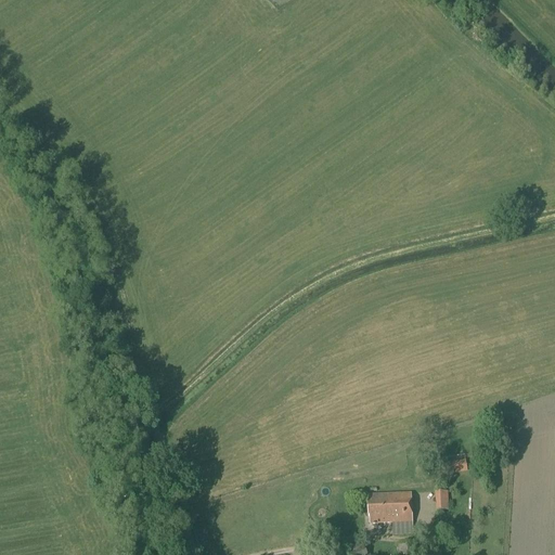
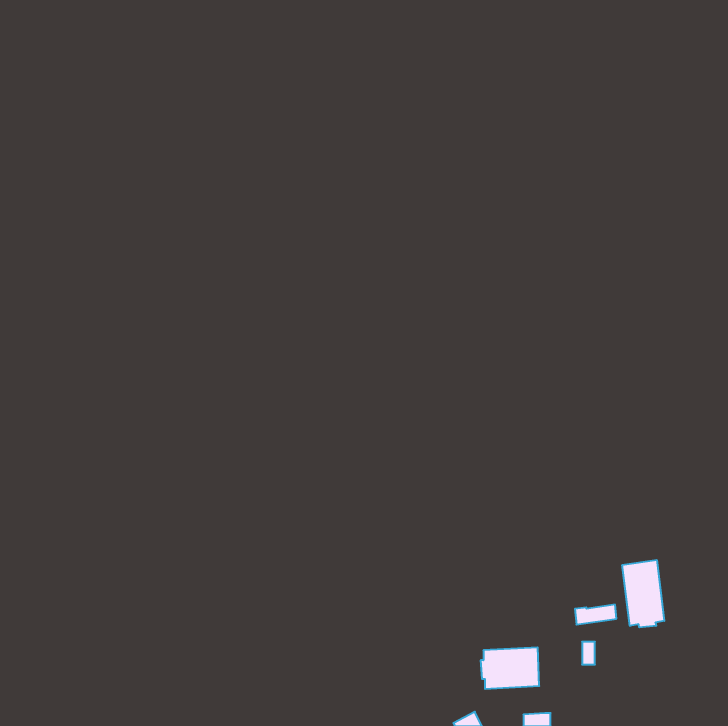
building: none -> [622,560,664,627]

